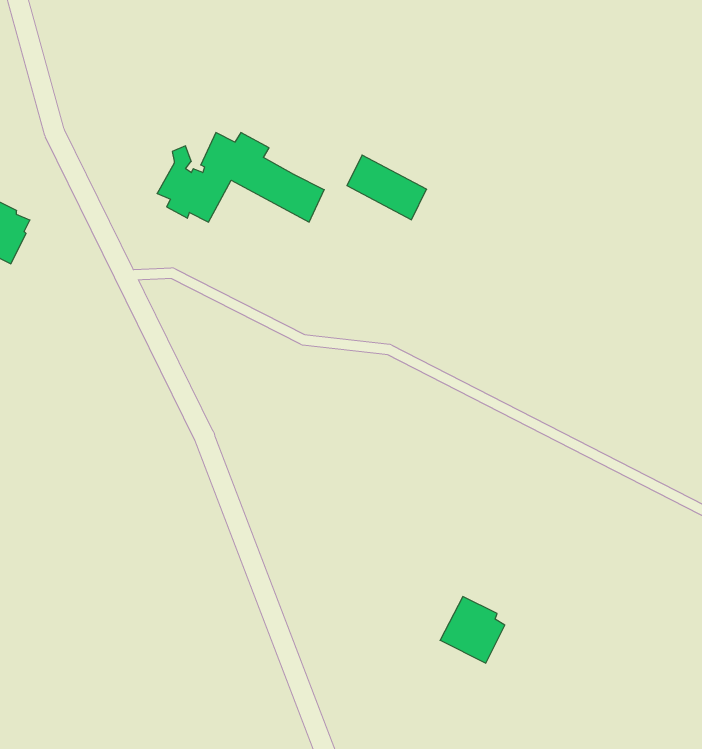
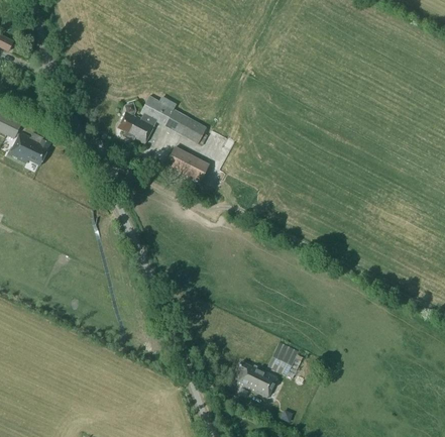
building: [347,155,427,220] -> [165,147,208,182]
building: none -> [236,361,277,398]

